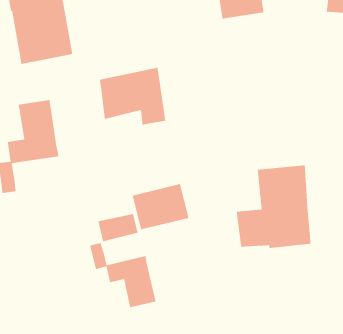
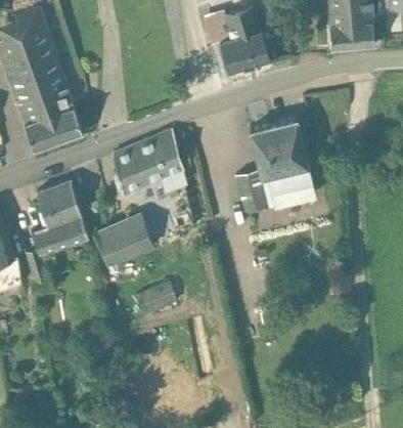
building: [236,165,311,249] -> [234,118,315,211]
building: [132,183,189,230] -> [93,212,154,265]
building: [89,242,157,308] -> none

